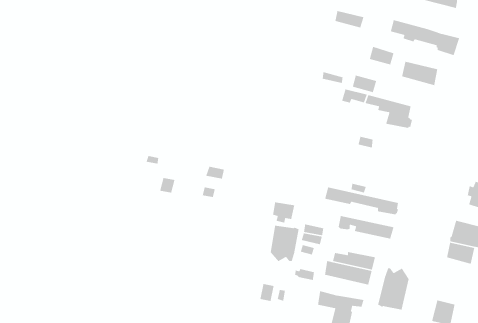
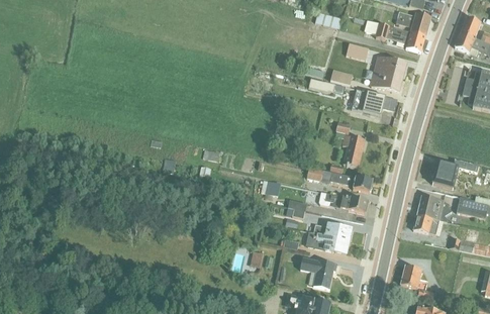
building: none -> [396,11,430,35]
building: none -> [369,70,403,93]
building: none -> [341,133,365,167]
building: [270,225,300,262] -> none
building: [377,267,410,311] -> none

